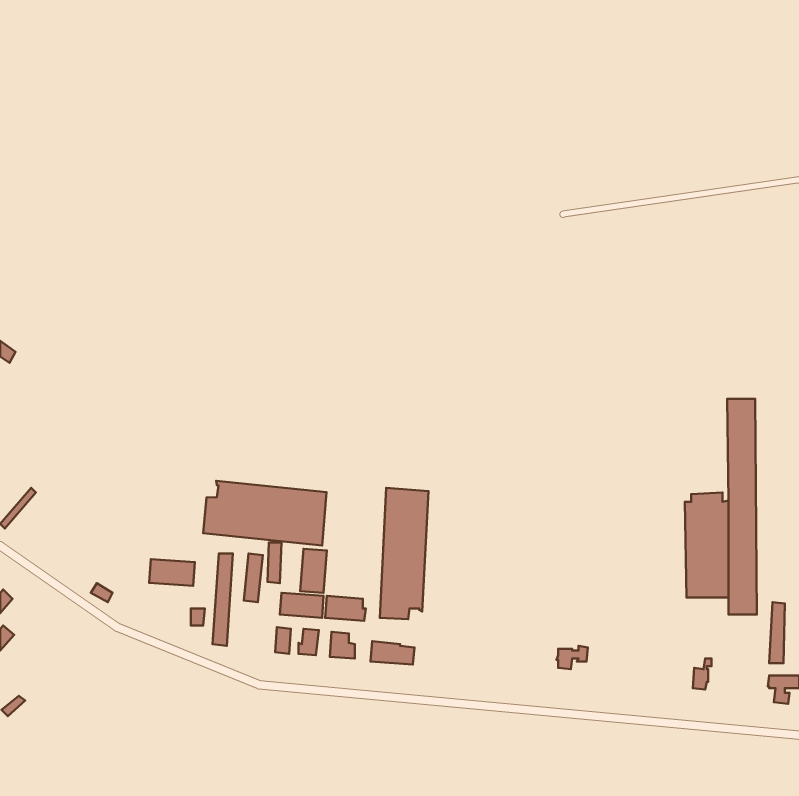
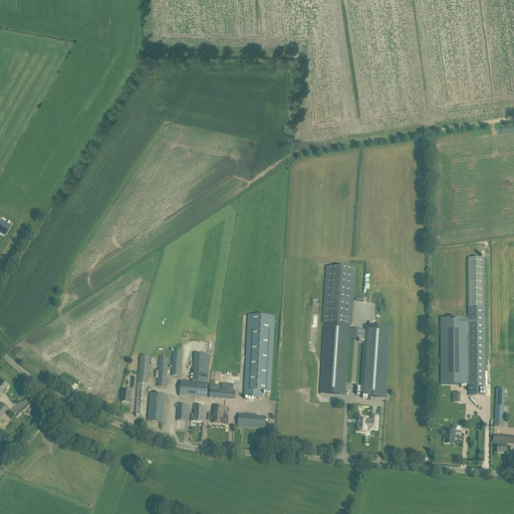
building: none -> [320,266,356,395]
building: [203,481,326,546] -> none
building: none -> [360,323,390,396]
building: [149,559,195,586] -> none
building: none -> [149,393,166,422]

